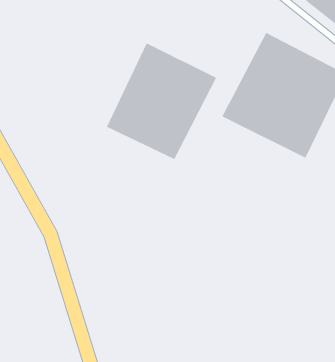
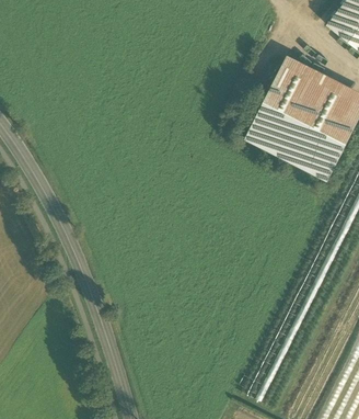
building: [106,42,217,160] -> none

